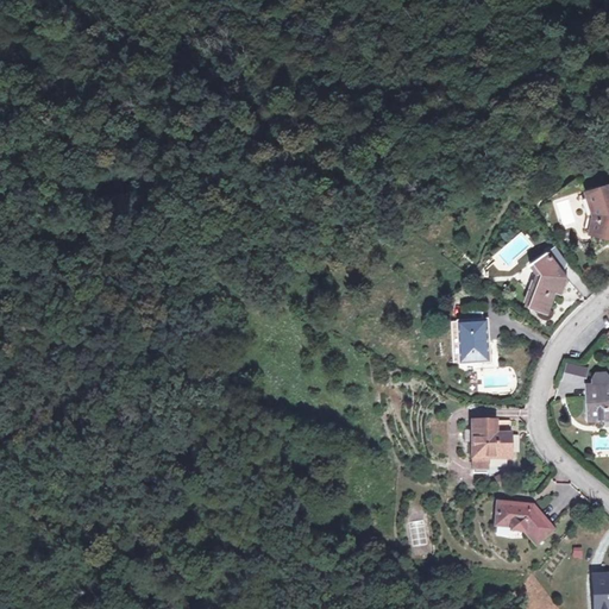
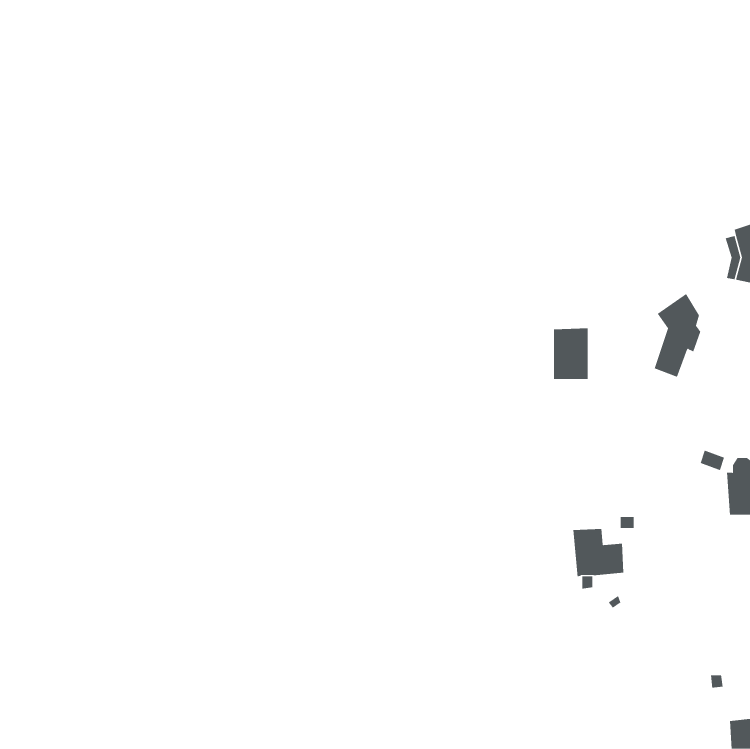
building: [456,325,484,366] -> [553,328,589,380]
building: [498,503,555,545] -> none

